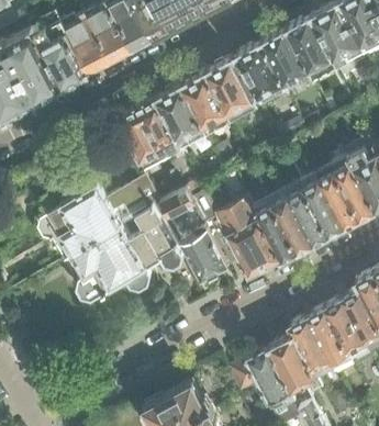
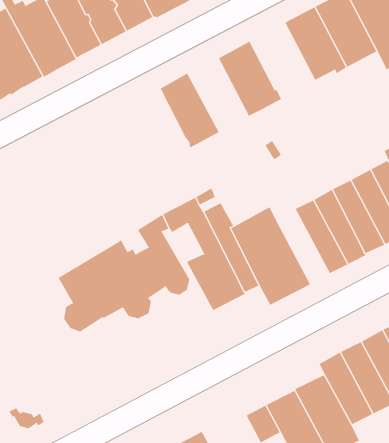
building: [239,44,287,106] -> none
building: [181,74,232,135] -> none
building: [116,99,182,173] -> none
building: [38,178,160,256] -> none
building: [257,204,299,261] -> none

